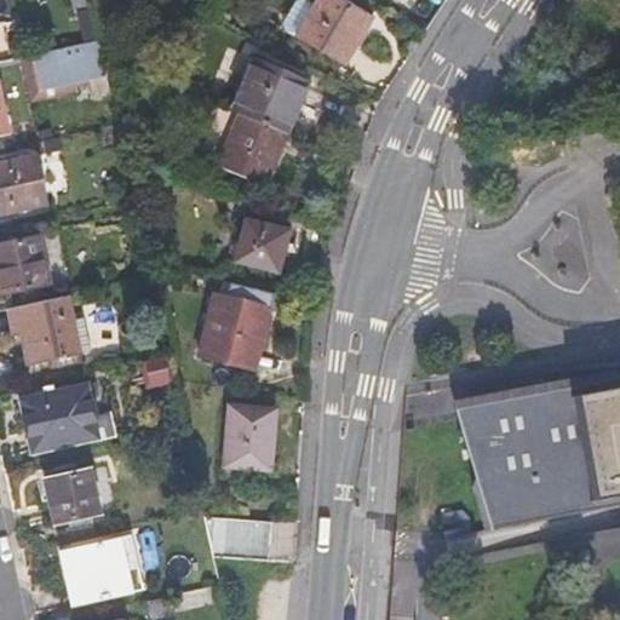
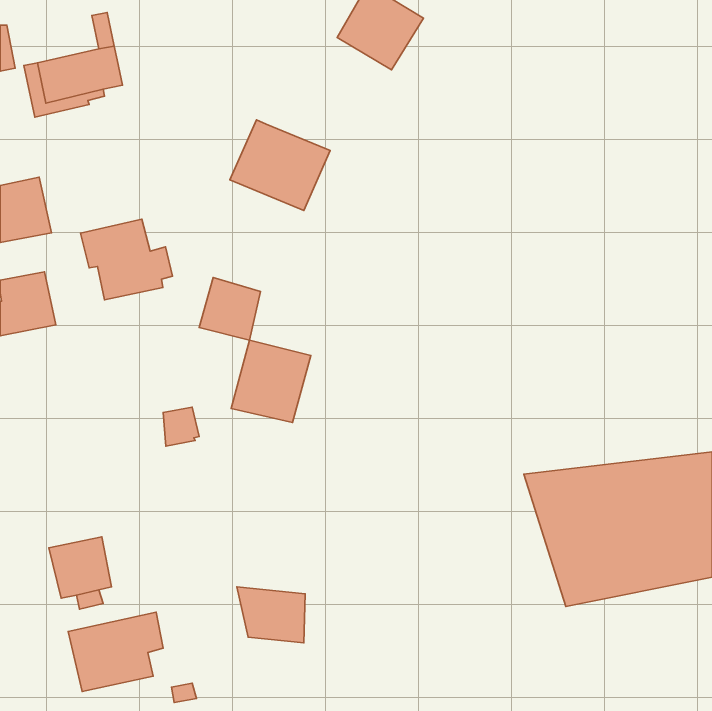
building: [231,56,309,131] -> none
building: [234,218,287,272] -> [199,277,261,340]
building: [10,295,90,366] -> [81,219,173,300]
building: [21,379,114,450] -> none
building: [223,403,275,464] -> none

